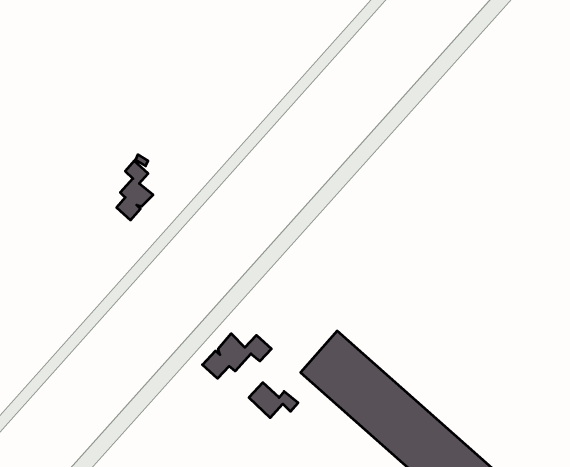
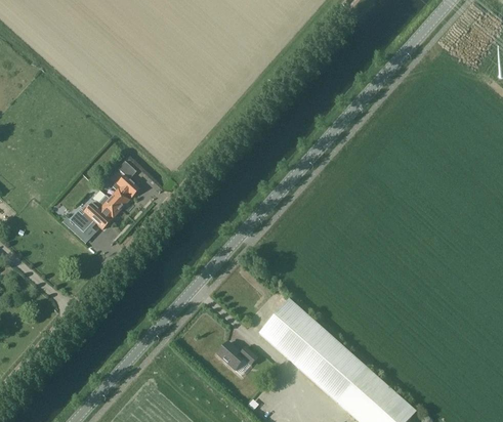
building: none -> [69,195,121,233]
building: [202,334,271,378] -> none

